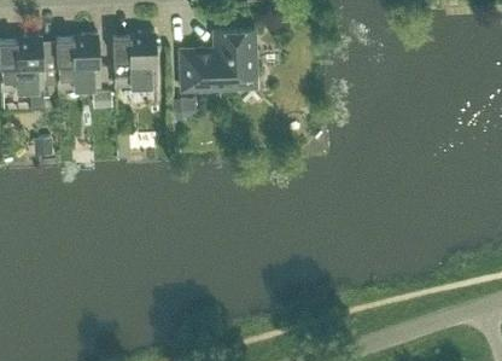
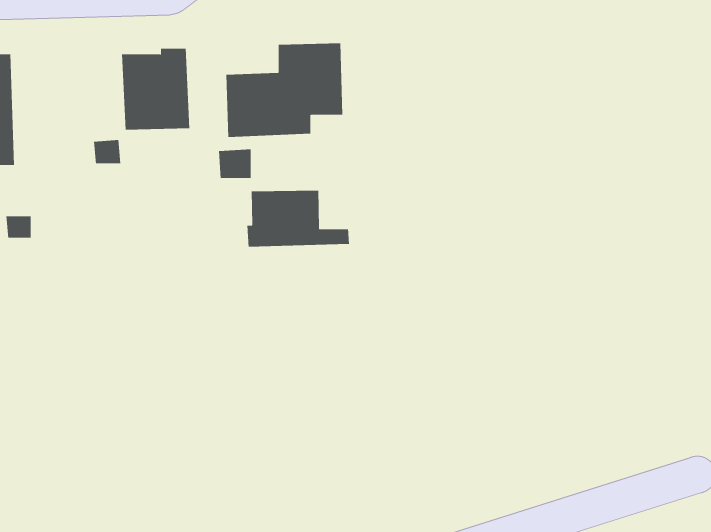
building: [56,34,100,87] -> none
building: none -> [247,190,349,248]

